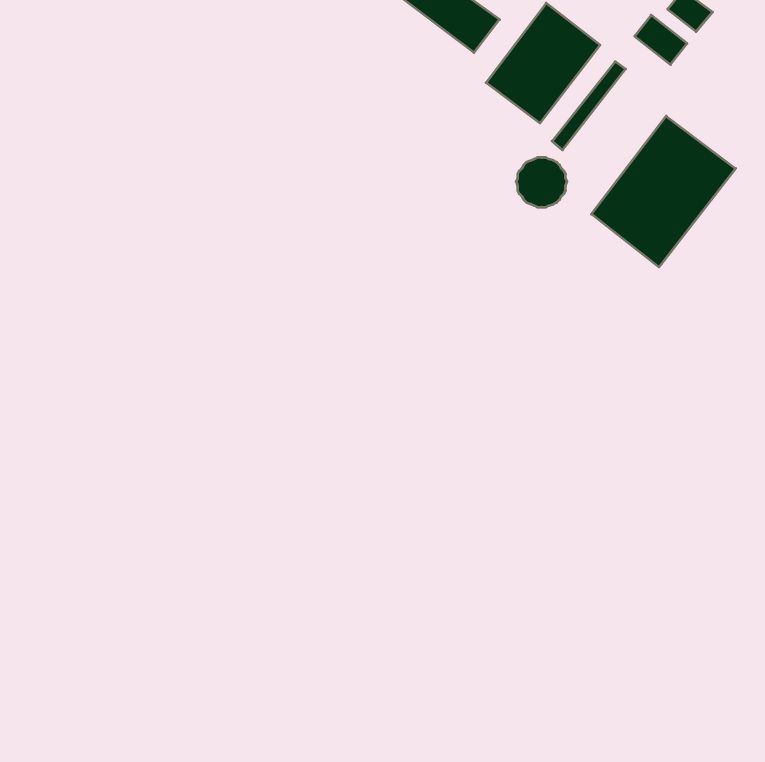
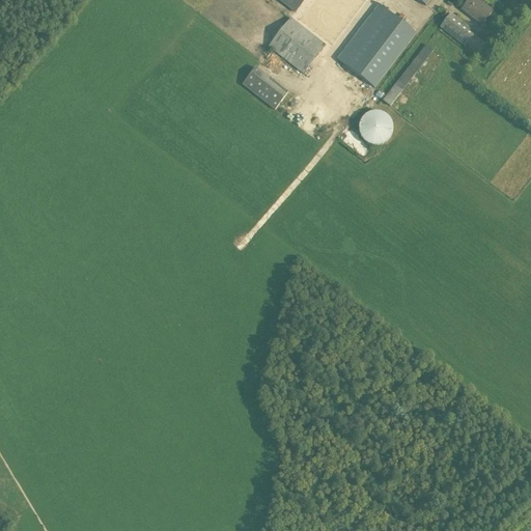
building: none -> [267,16,325,72]
building: none -> [241,64,287,108]
building: [591,116,736,267] -> none

